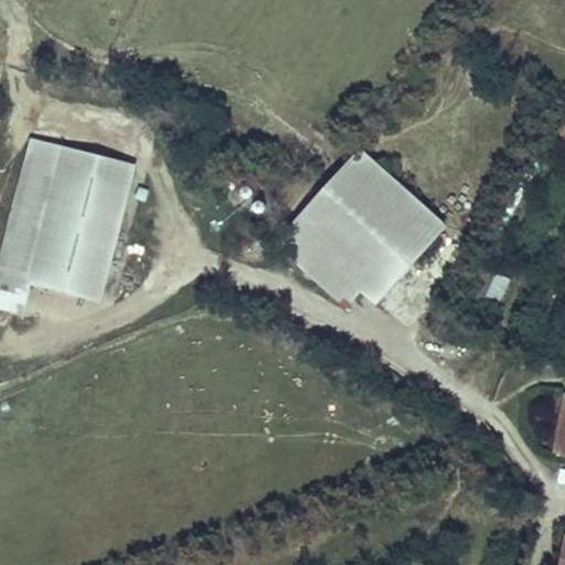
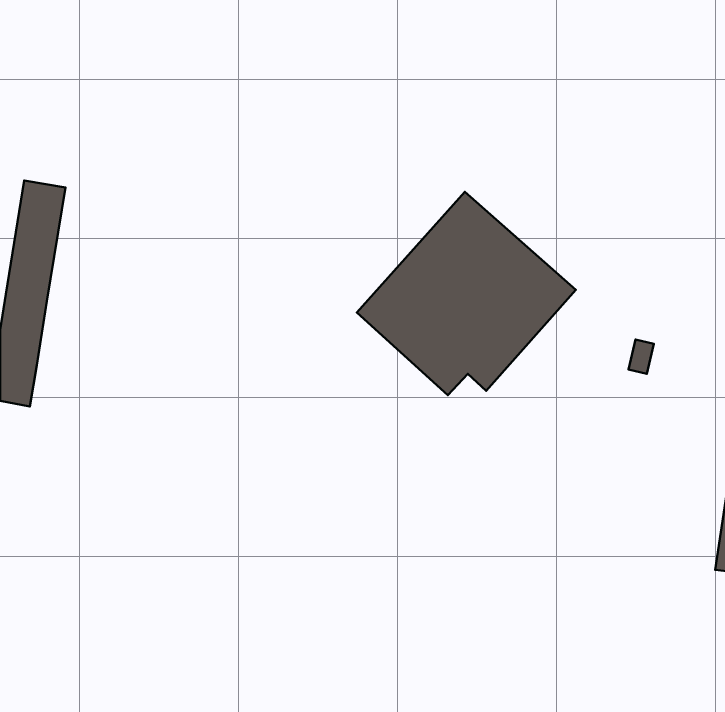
building: [30,146,127,296] -> none

